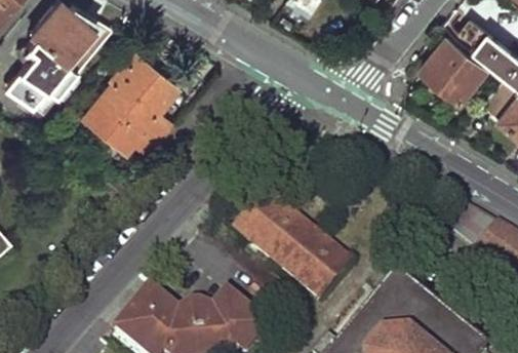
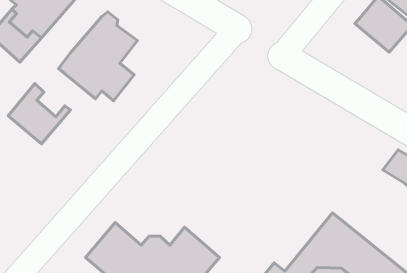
building: none -> [8,84,70,144]
building: [238,195,355,303] -> none

